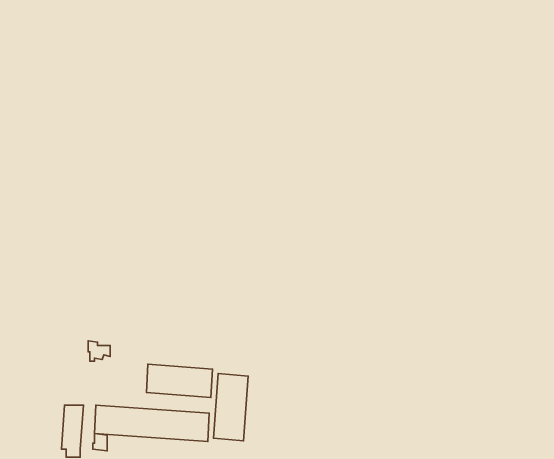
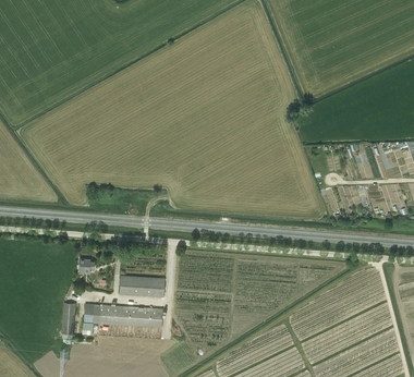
building: [213,373,248,441] -> none

